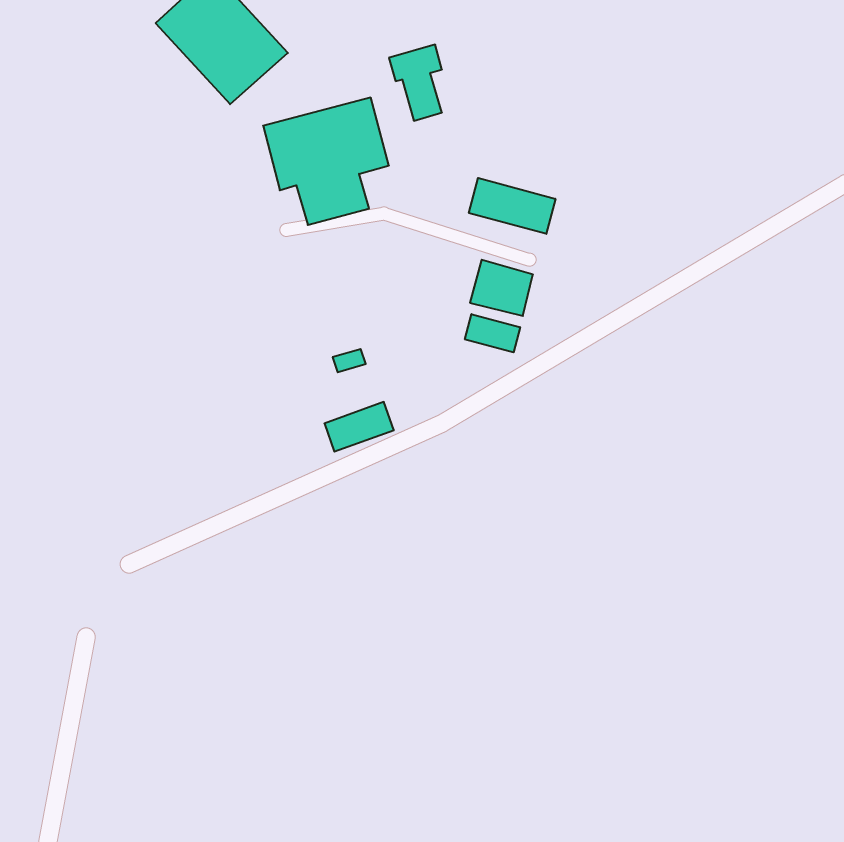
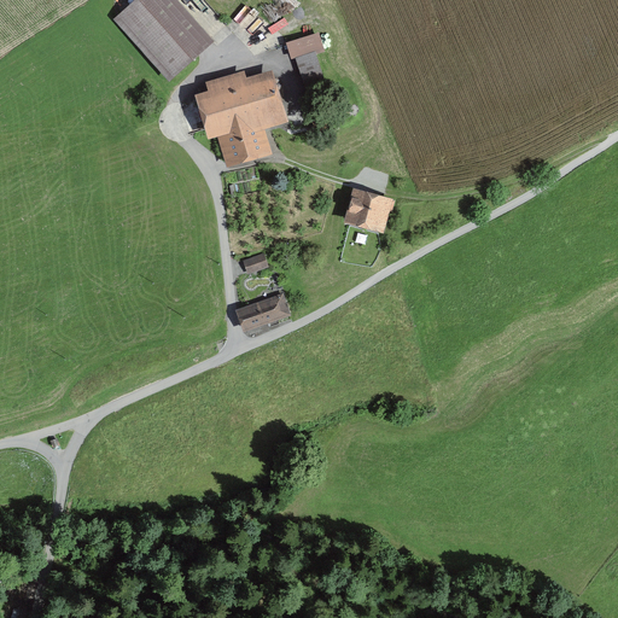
building: [469,178,555,234] -> none
building: [465,314,520,352] -> none

